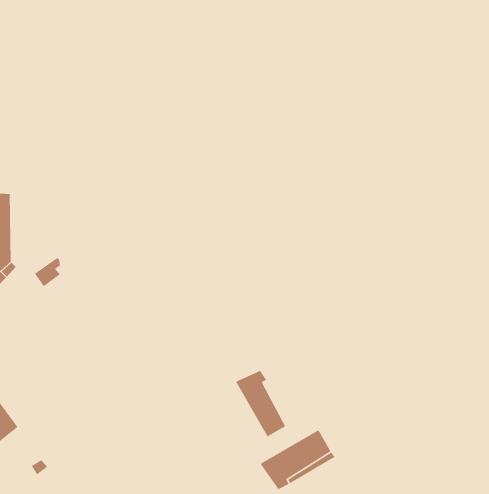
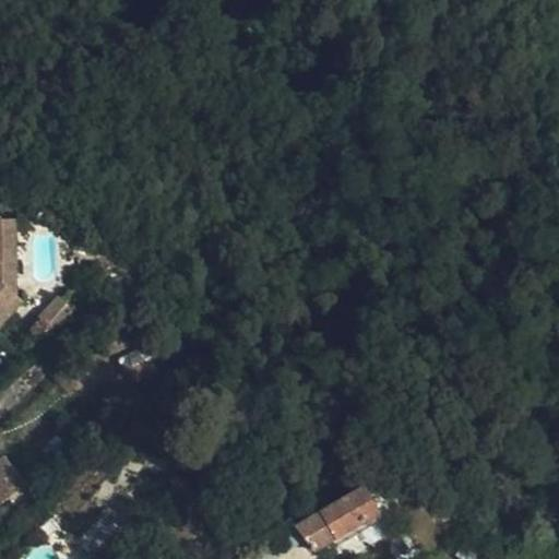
building: [235,370,286,438] -> none

